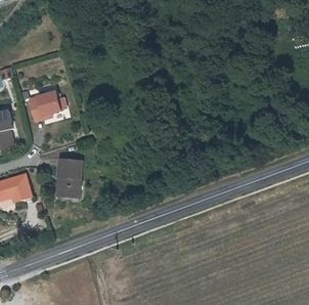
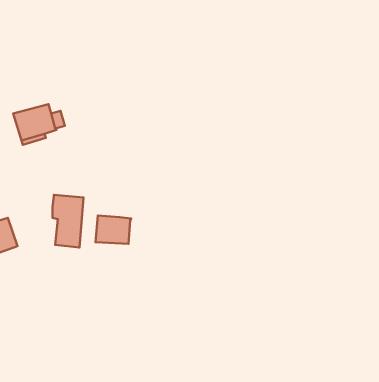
building: none -> [95,215,131,244]

